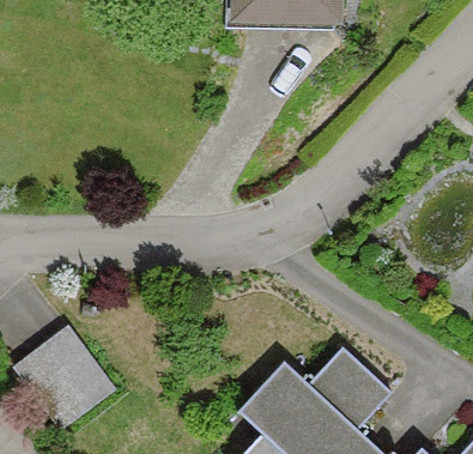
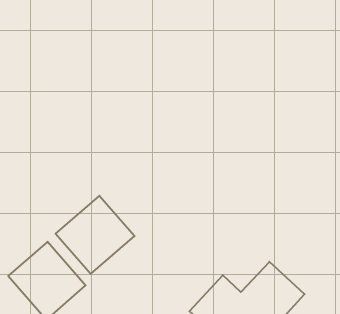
building: none -> [56,196,135,274]

